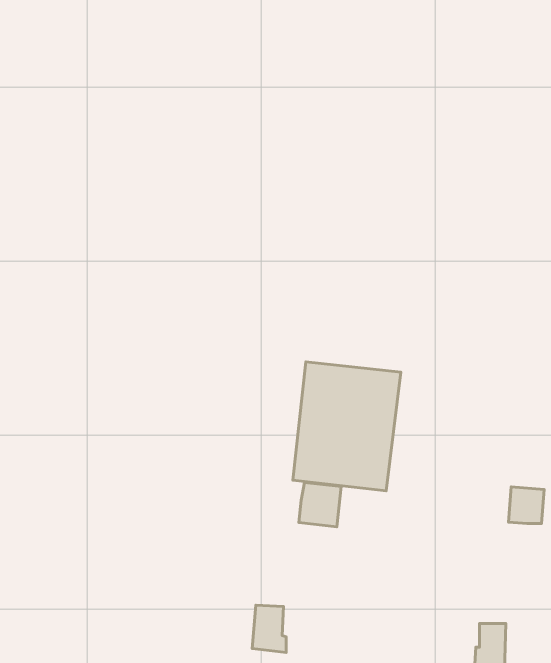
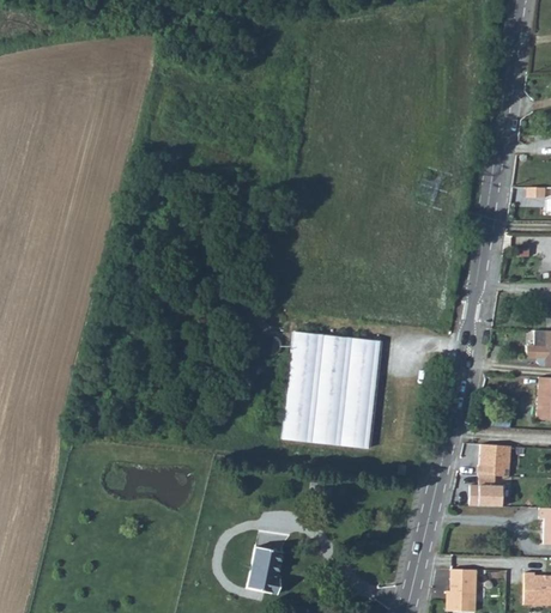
building: [299,483,341,527] -> none
building: none -> [470,477,503,508]

